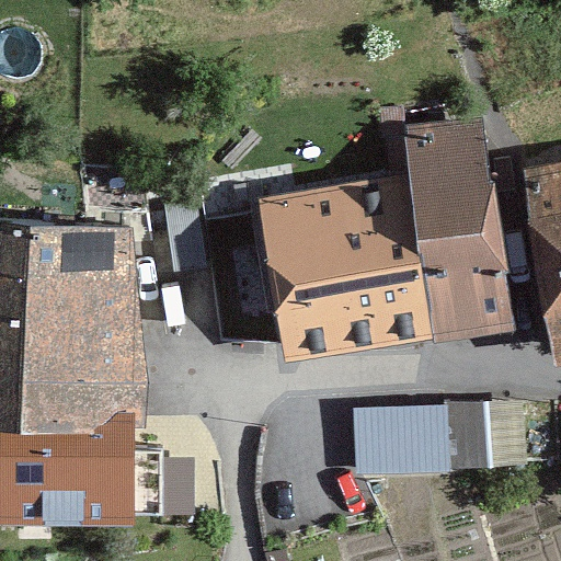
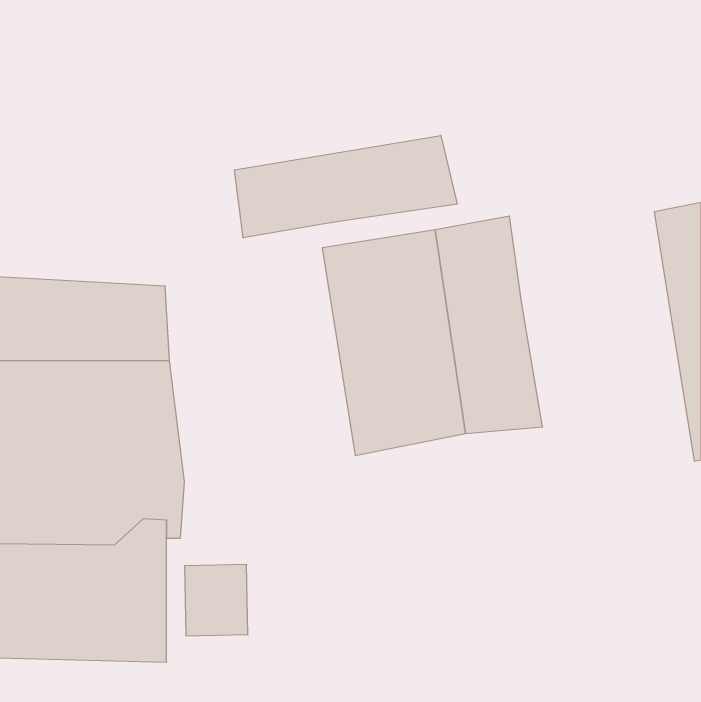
building: none -> [235,135,457,238]
building: [402,118,514,345] -> none
building: [355,392,529,465] -> none

